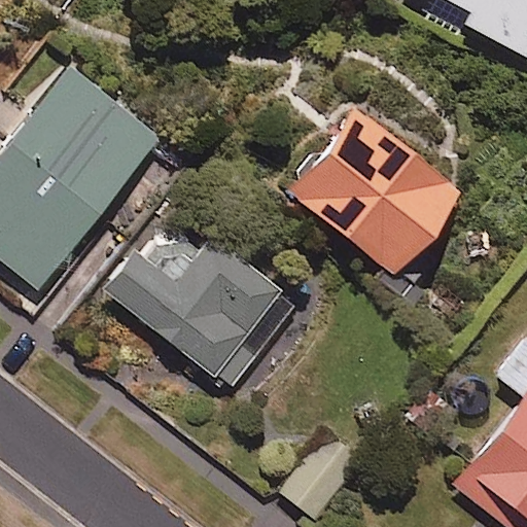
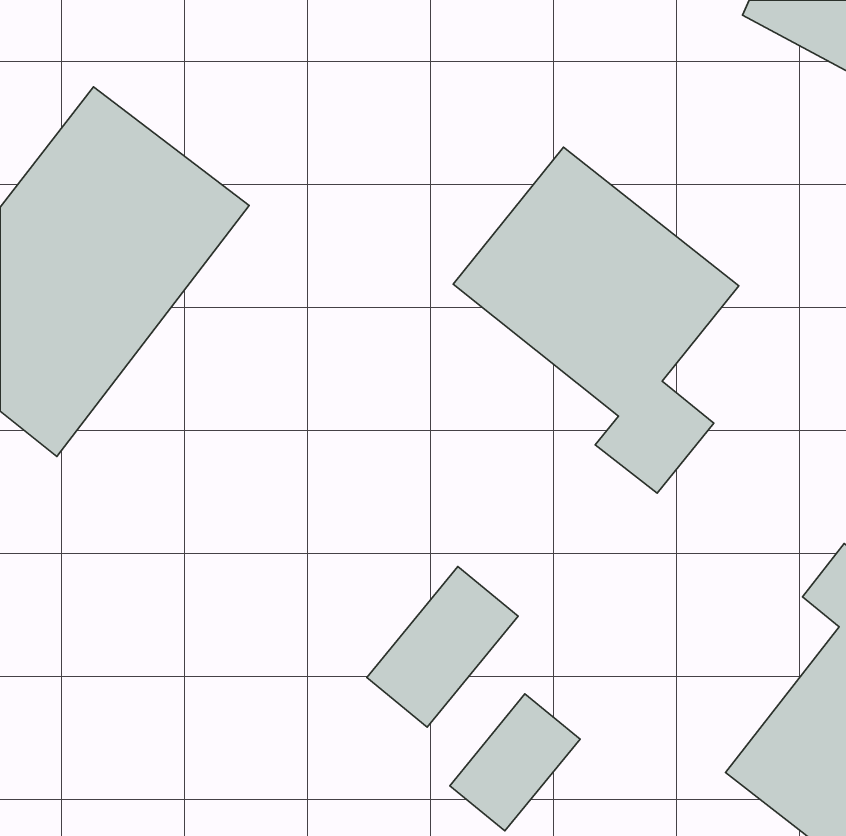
building: [100,221,302,393] -> none
building: none -> [367,567,518,727]

